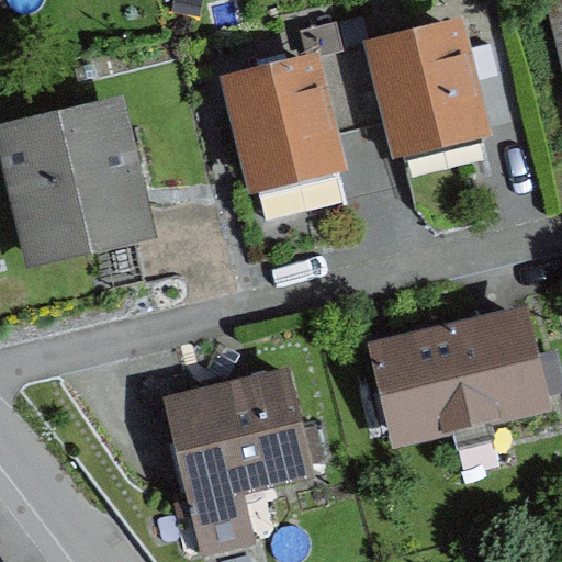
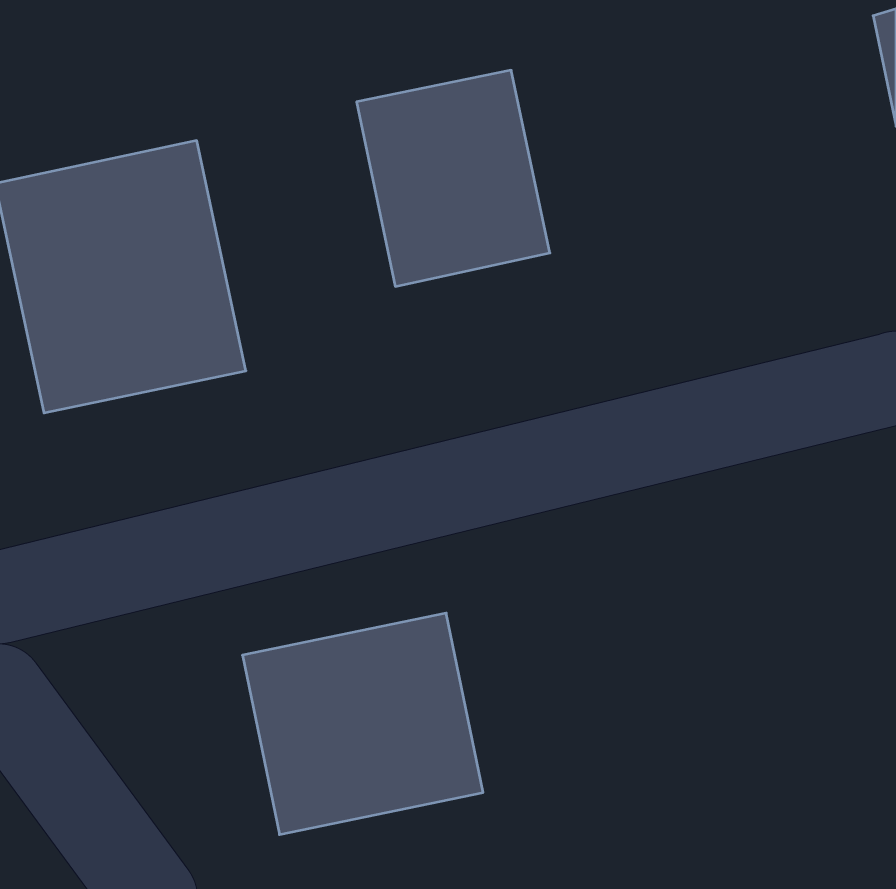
building: [369,19,488,153] -> none
building: [368,308,551,449] -> none

